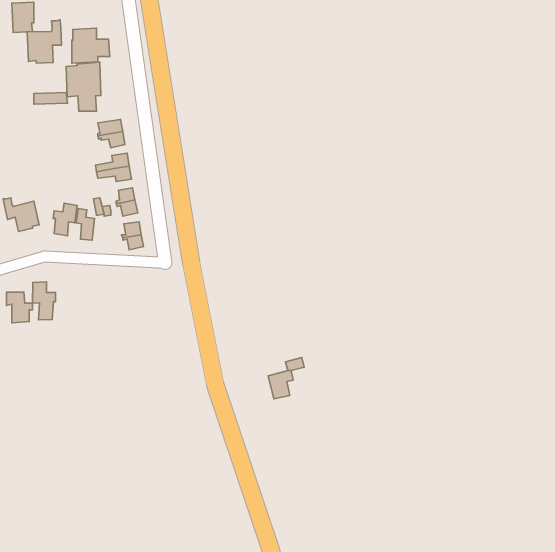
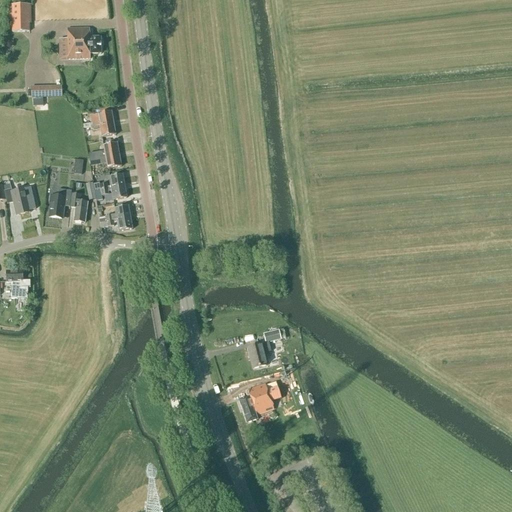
building: [27,20,62,63] -> none
building: [66,62,101,111] -> none
building: [33,282,56,320] -> none
building: none -> [239,381,281,421]

